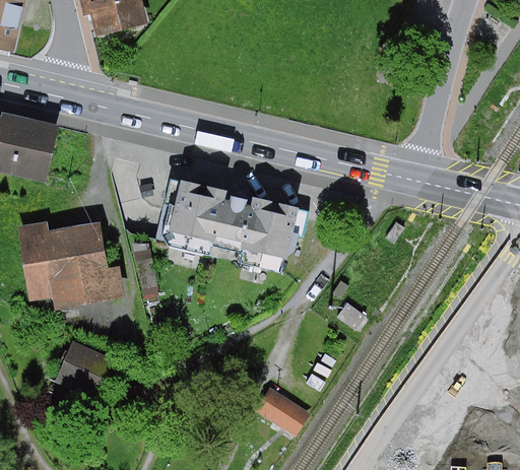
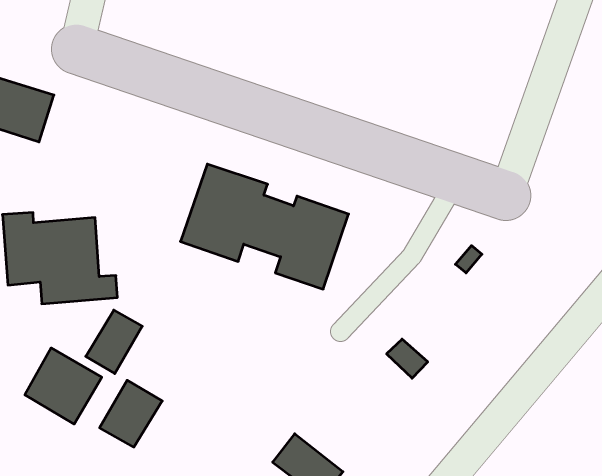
building: none -> [86,310,142,374]
building: none -> [100,380,162,447]

